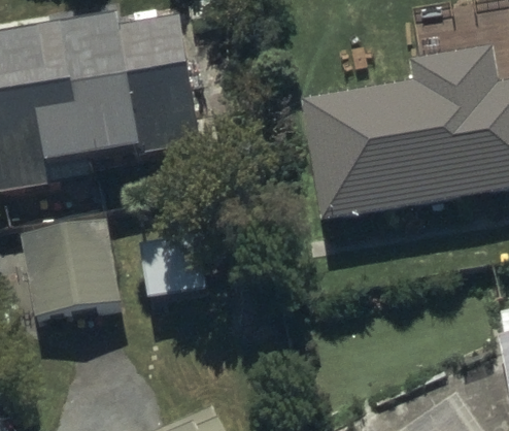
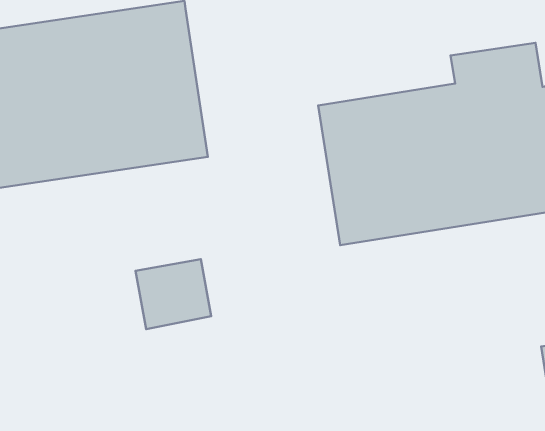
building: [24,220,120,313] -> none

